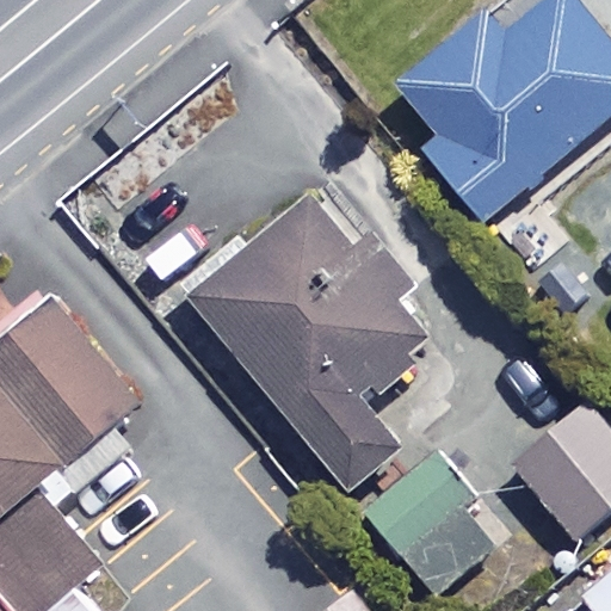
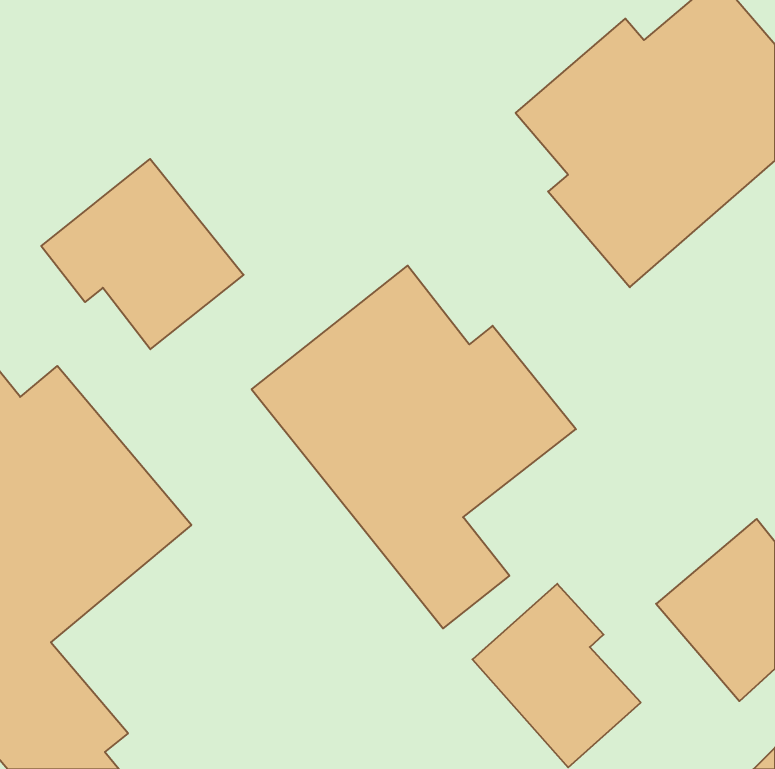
building: none -> [41,159,244,349]

